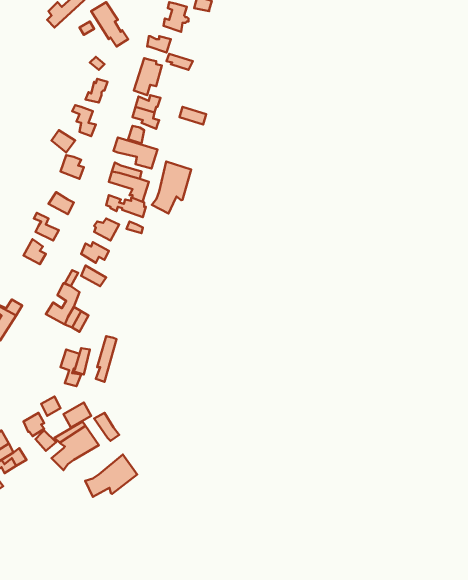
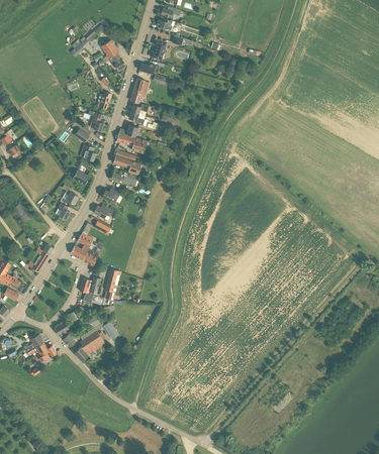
building: [152,162,191,214] -> none
building: [85,454,137,497] -> none

